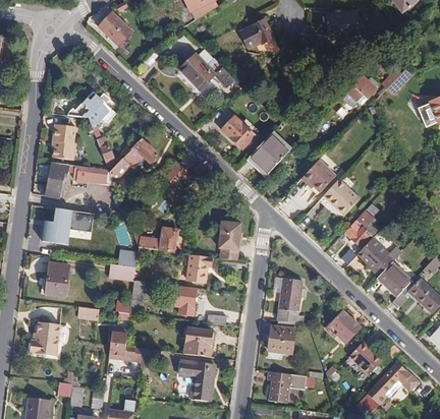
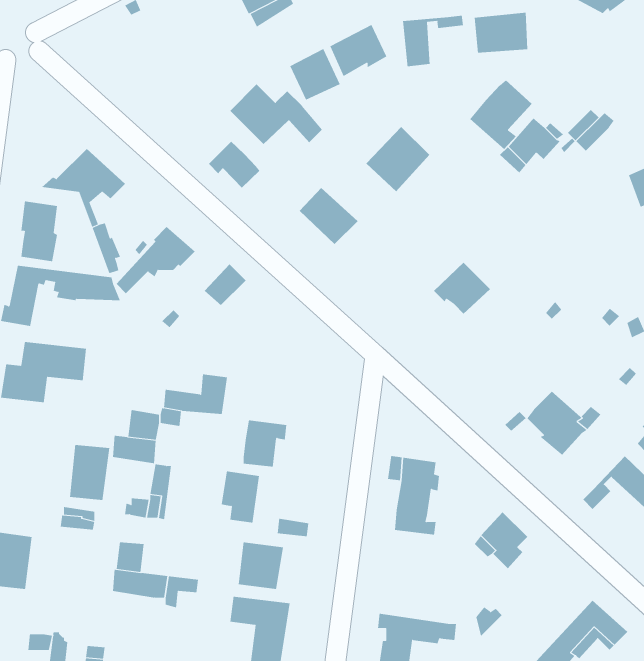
building: [100,11,132,46] -> none
building: none -> [403,15,463,67]
building: none -> [289,48,341,101]
building: none -> [469,79,532,150]
building: none -> [208,141,260,188]
building: [250,132,288,172] -> [366,126,430,192]
building: [323,178,360,215] -> none
building: [344,211,380,248] -> none
building: [218,214,242,259] -> none
building: [45,262,69,296] -> [69,444,110,500]
building: [377,262,416,296] -> none
building: [268,320,294,354] -> none
building: [348,340,381,373] -> none

